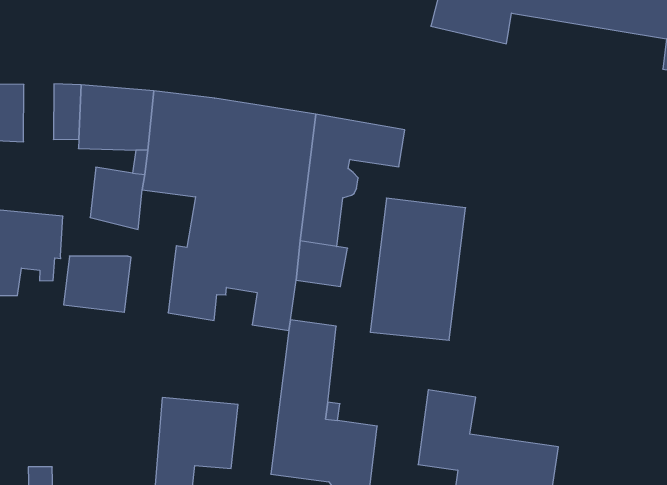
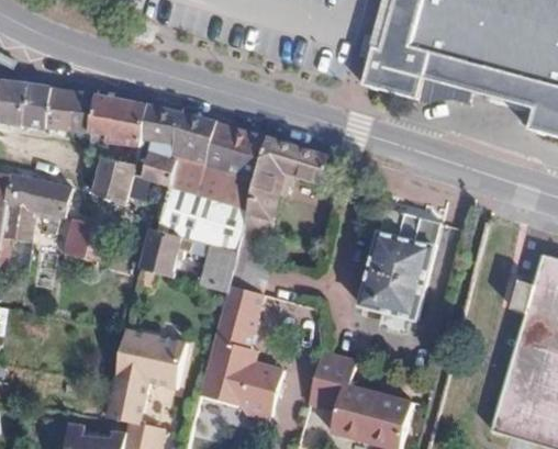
building: none -> [49,88,77,131]
building: [370,198,466,340] -> [360,209,442,318]

